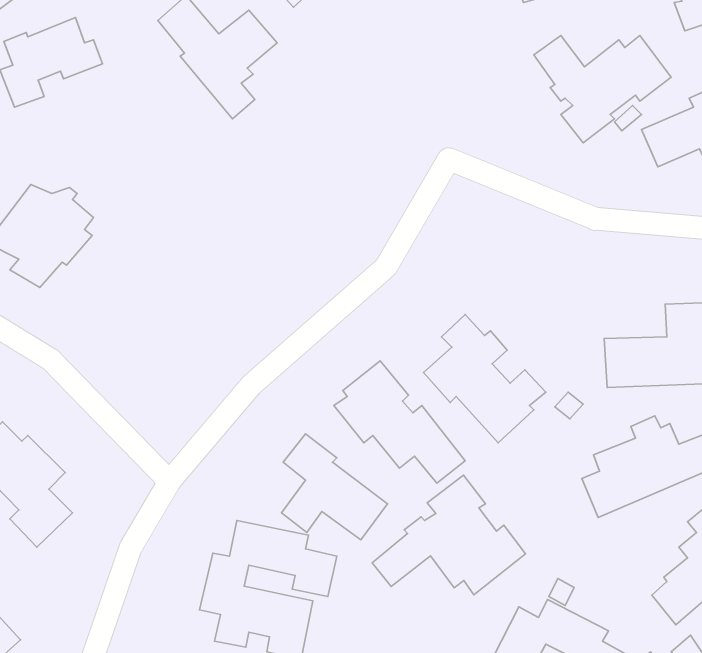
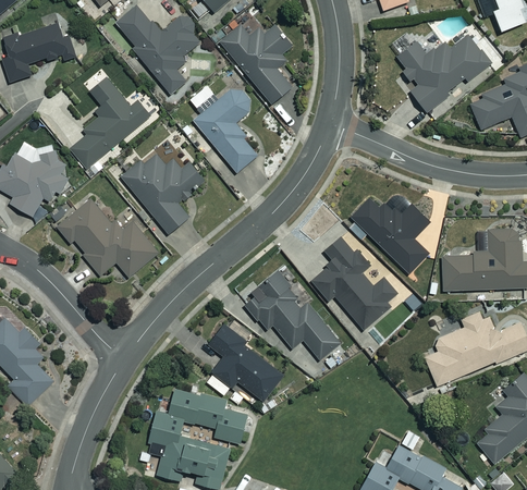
building: none -> [220,20,294,103]
building: none -> [70,78,149,169]
building: none -> [192,88,259,173]
building: none -> [121,143,204,233]
building: none -> [351,198,430,274]
building: none -> [57,199,159,278]
building: [372,475,526,595] -> none

